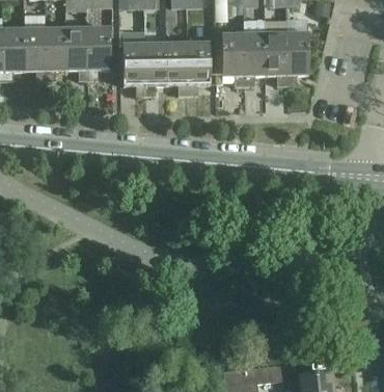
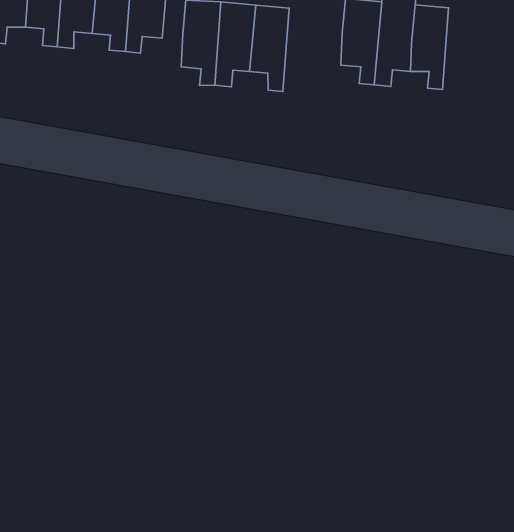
building: [284,32,307,84] -> none
building: [186,43,209,95] -> none

